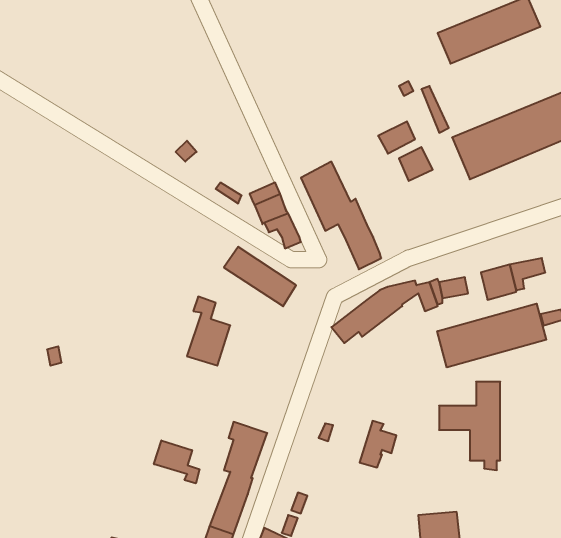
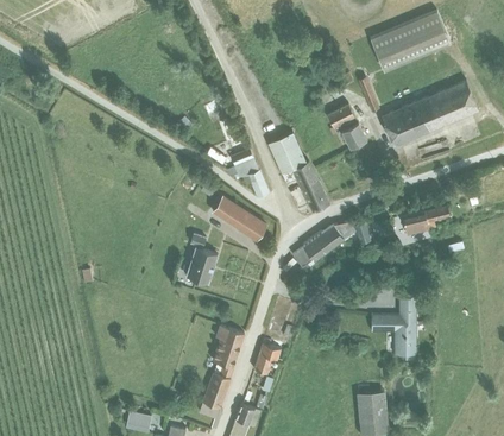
building: [437,304,546,367] -> none
building: [360,421,396,467] -> [253,339,281,373]
building: [154,440,200,483] -> none

